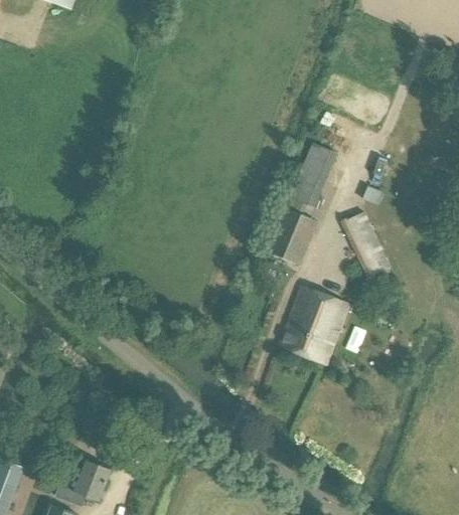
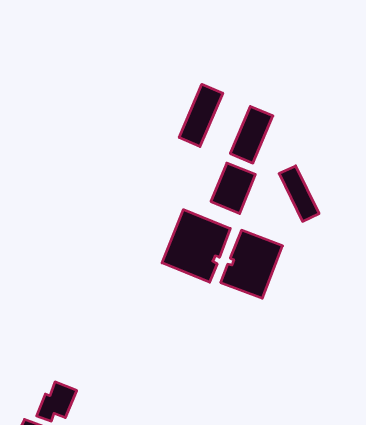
building: none -> [179,84,223,147]
building: none -> [162,210,230,282]

